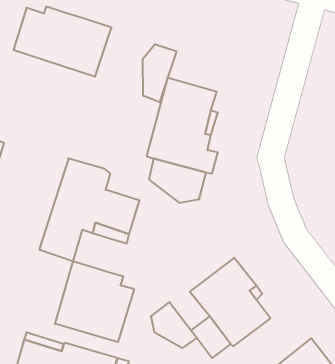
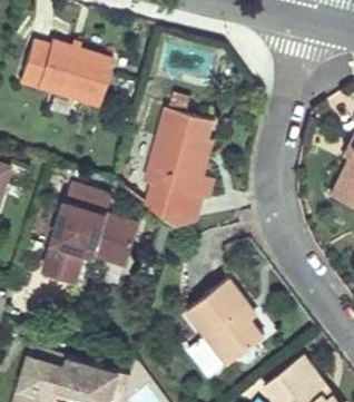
building: [143,44,176,102] -> none
building: [55,261,134,342] -> none
building: [151,302,197,348] -> none

